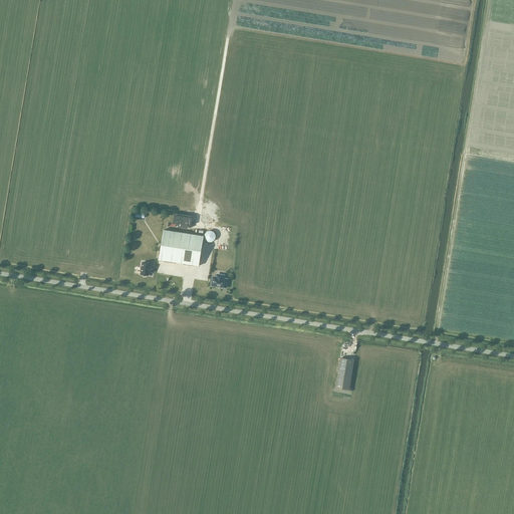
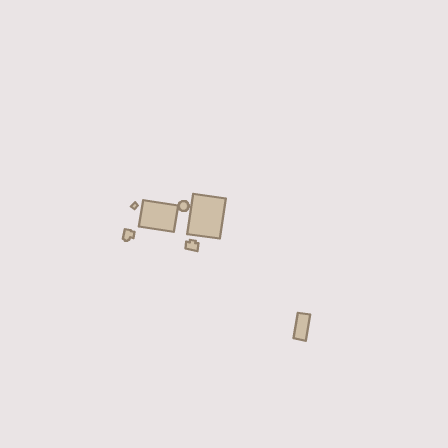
building: none -> [187,194,226,239]

